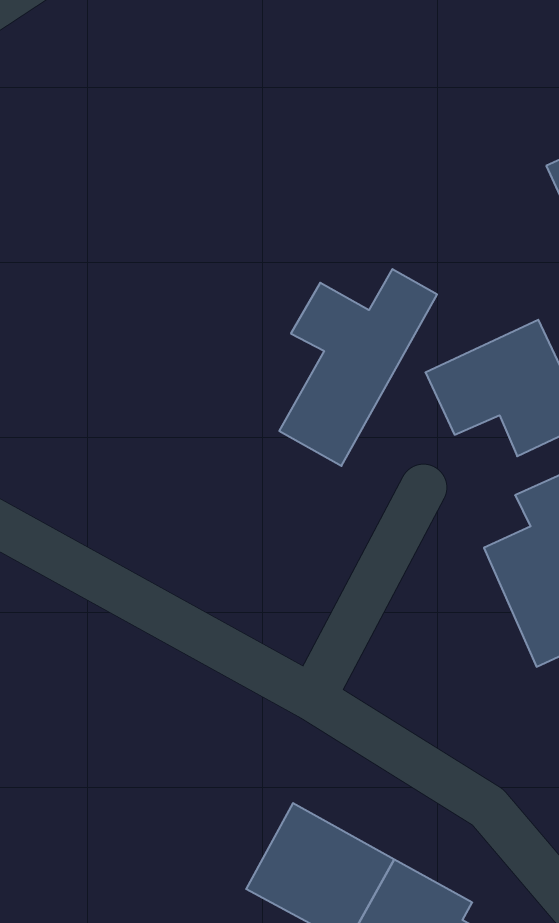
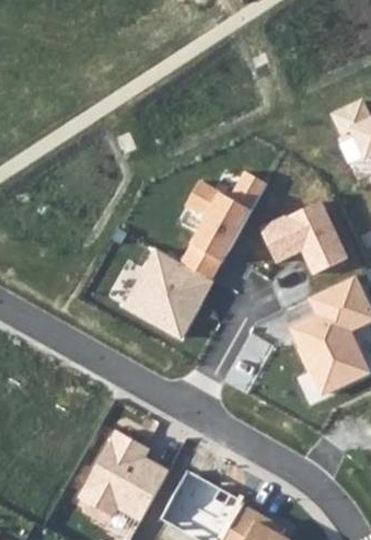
building: none -> [124,249,213,341]
building: none -> [79,433,169,521]

